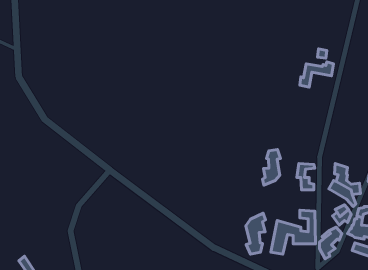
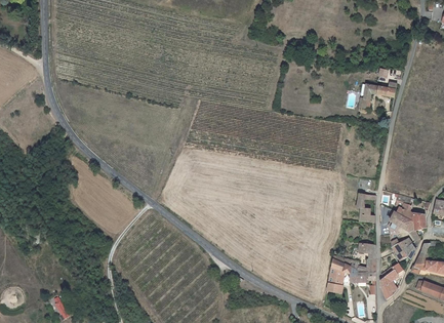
building: [262,149,281,185] -> none
building: [246,213,265,254] -> none

